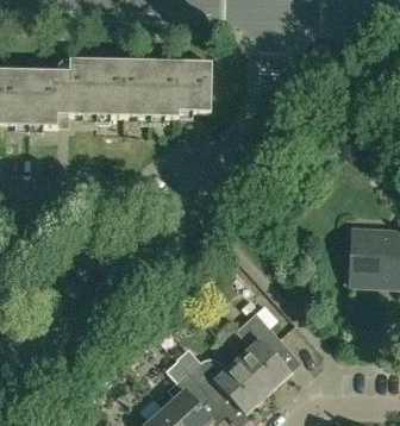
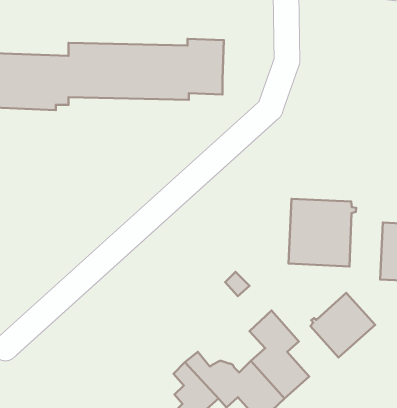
building: none -> [288,199,356,266]
building: none -> [310,293,375,358]

